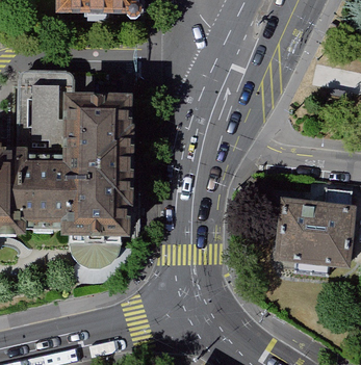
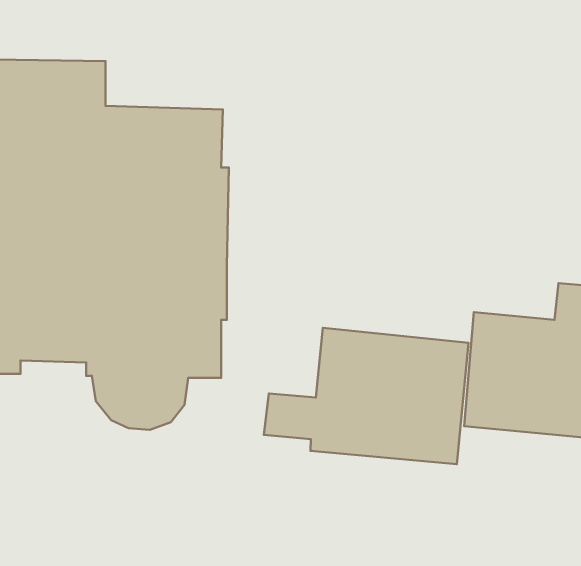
building: none -> [264,328,468,464]

